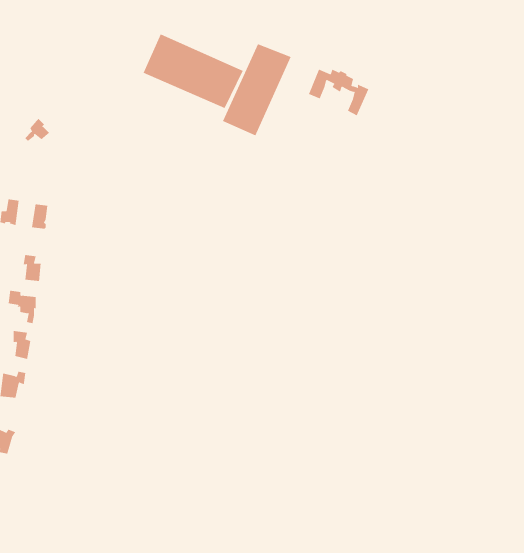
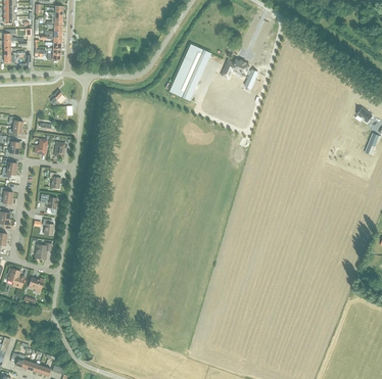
building: [143,33,243,109] -> none

